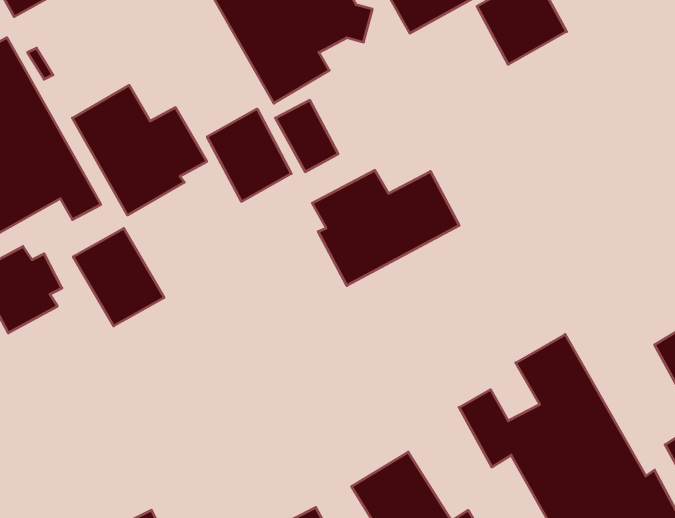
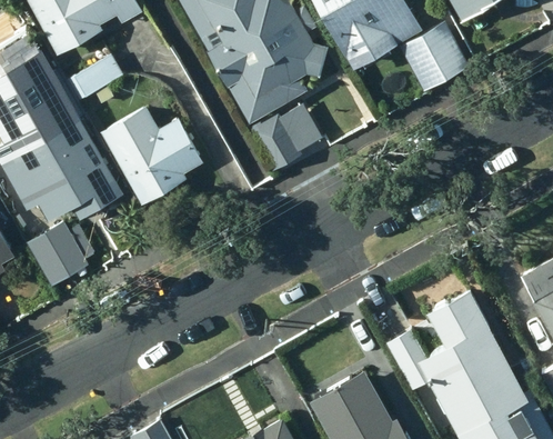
building: [207,109,291,201] -> none
building: [312,170,459,286] -> none
building: [73,228,164,326] -> none

